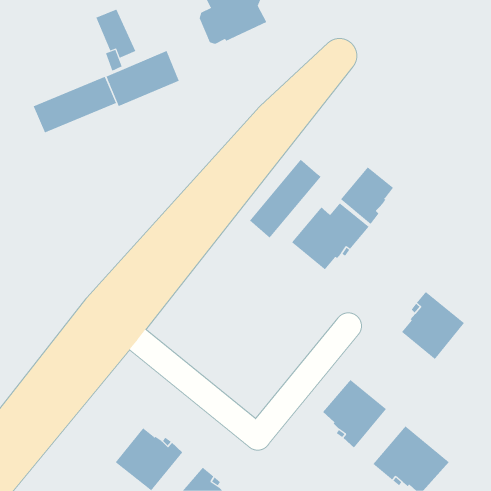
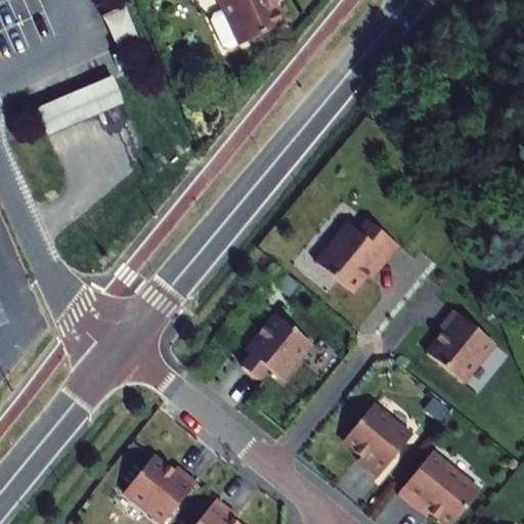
building: [106,50,180,107] -> none
building: [249,159,321,239] -> none
building: [340,167,394,225] -> none
building: none -> [245,315,314,380]

